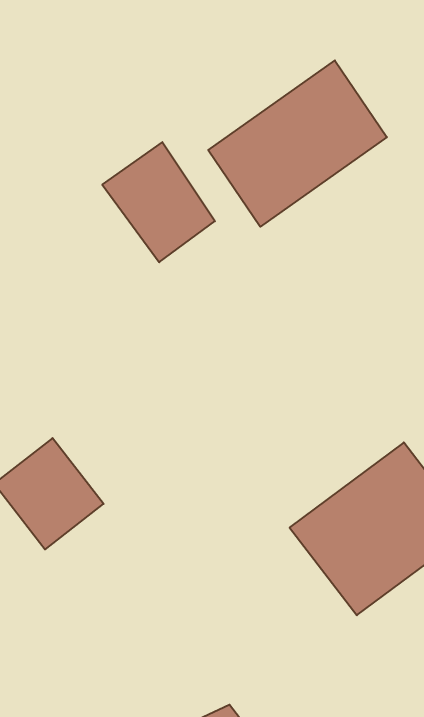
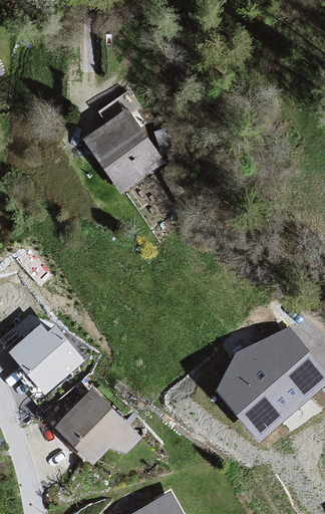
building: [208,60,387,227] -> none
building: none -> [58,389,141,468]

